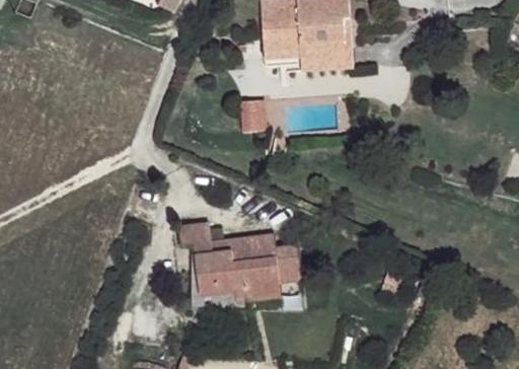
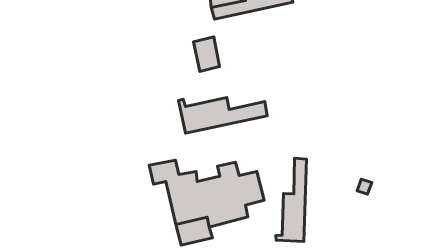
building: none -> [179,98,267,133]
building: none -> [276,158,307,241]

